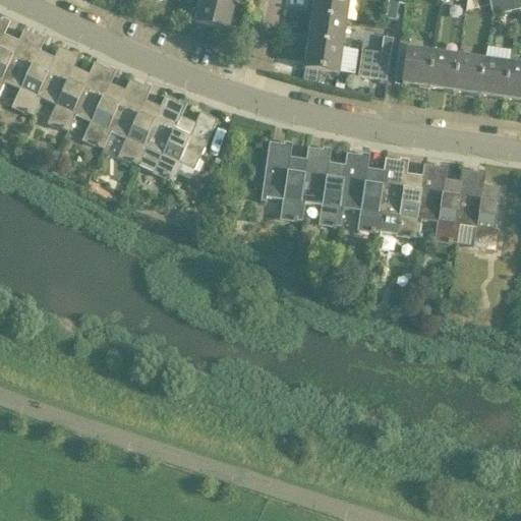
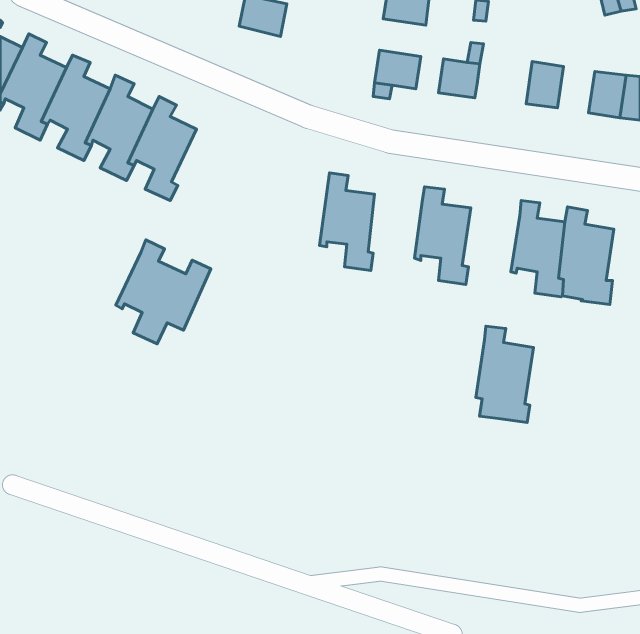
building: [308,15,346,46] -> none
building: [401,46,432,84] -> none
building: [453,54,483,92] -> none
building: [139,95,217,179] -> [116,240,211,344]
building: [299,147,343,225] -> none
building: [375,158,422,236] -> [476,326,533,423]

